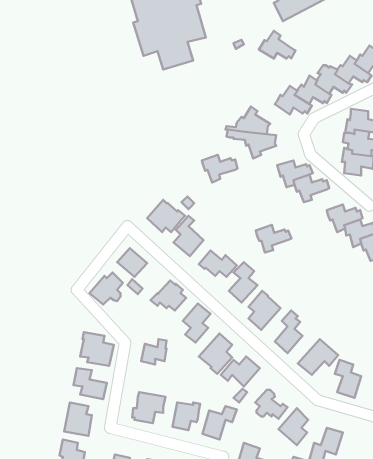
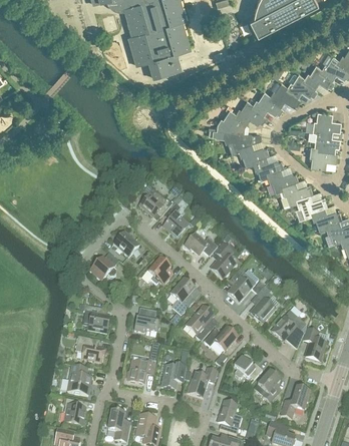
building: [259,31,296,59] -> [234,101,266,125]
building: [202,155,238,182] -> [238,144,269,168]
building: [256,225,291,252] -> [282,182,313,206]

